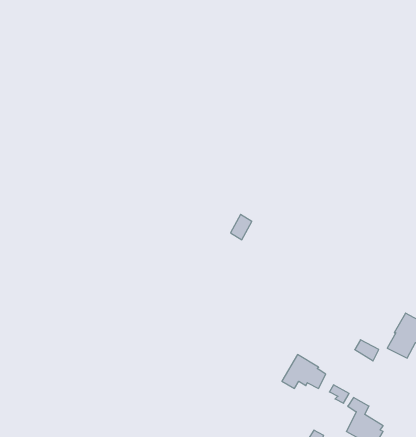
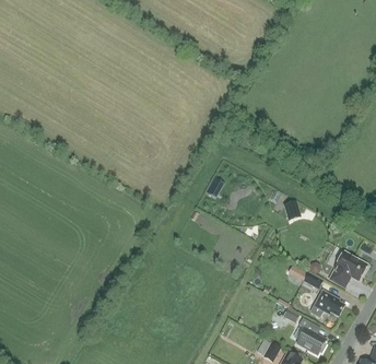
building: [282,355,326,388] -> [310,290,344,316]

